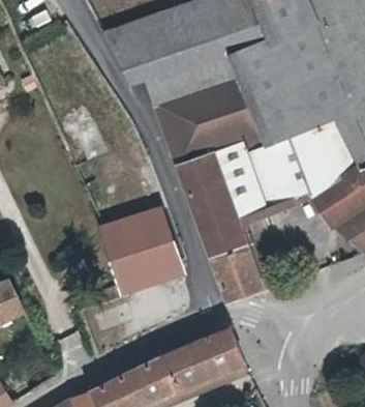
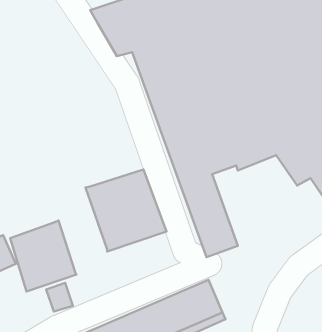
building: none -> [10,221,77,291]

